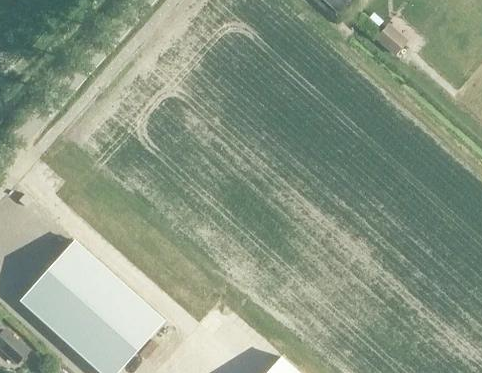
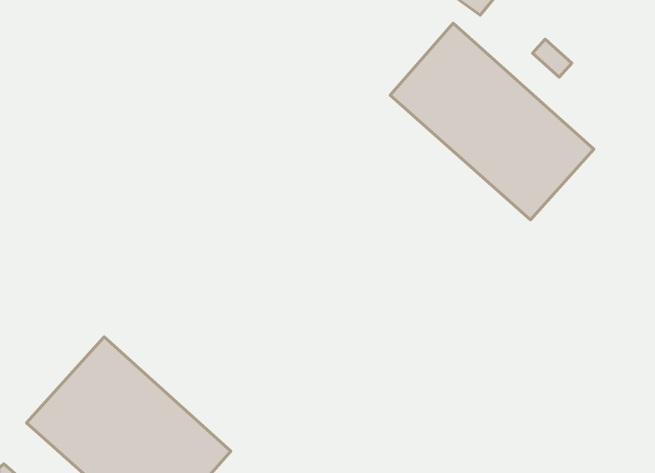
building: none -> [390,23,594,220]

